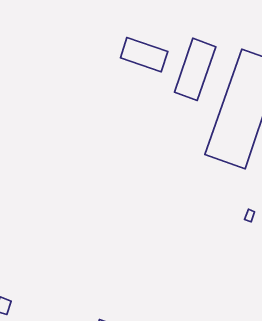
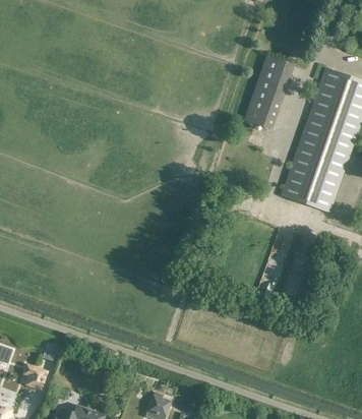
building: [120,37,168,72] -> none

